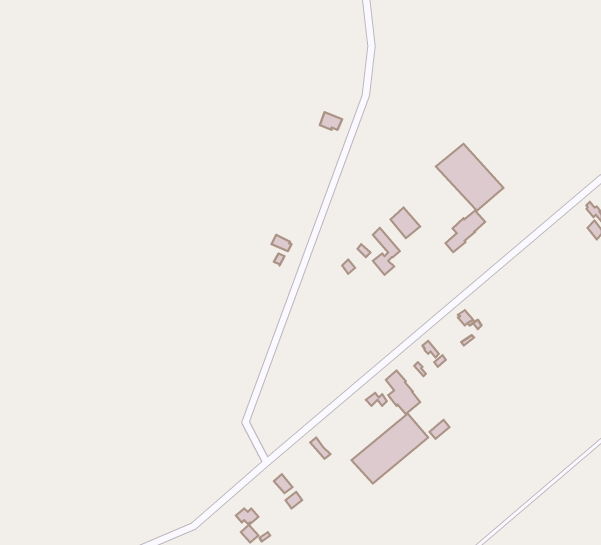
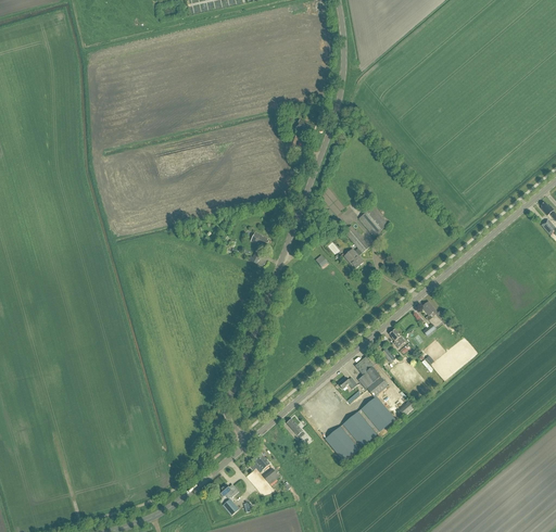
building: [436,144,504,252] -> none

